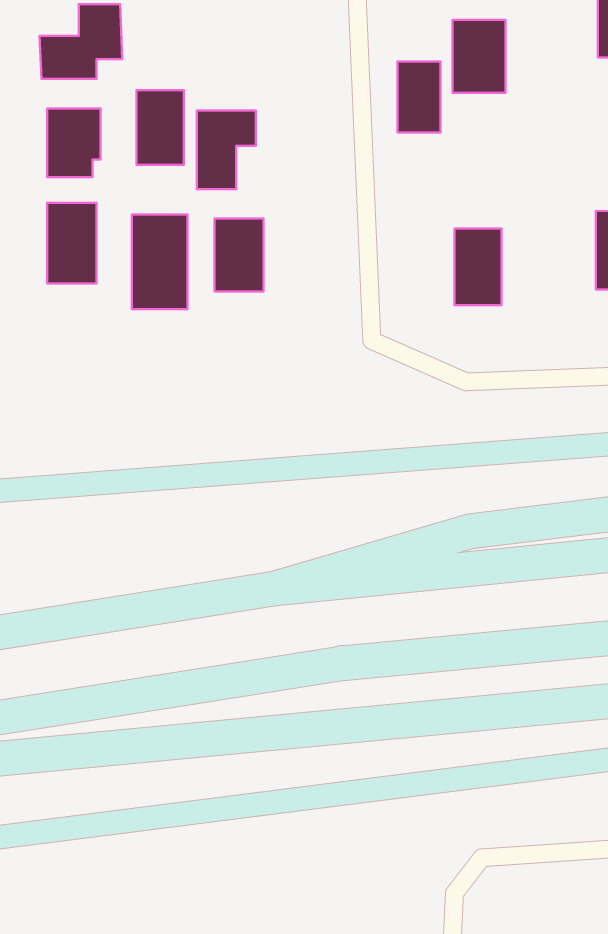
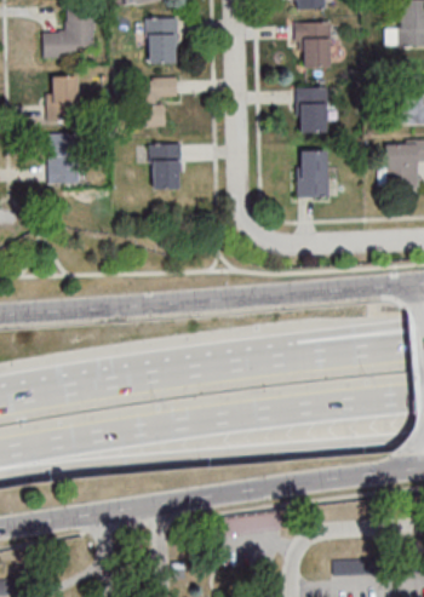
building: [397,62,441,132] -> [300,91,327,134]
building: [137,90,184,165] -> [149,18,178,64]
building: [132,214,188,309] -> none

